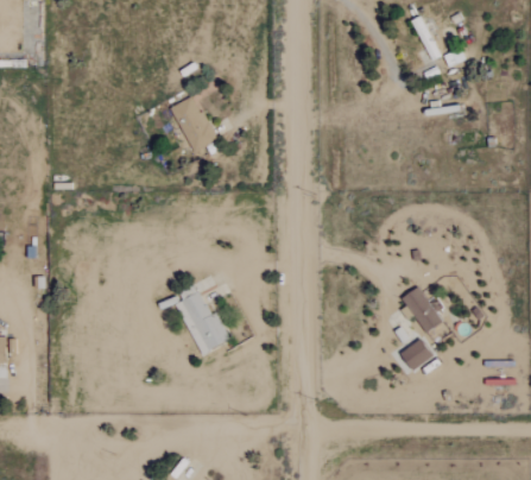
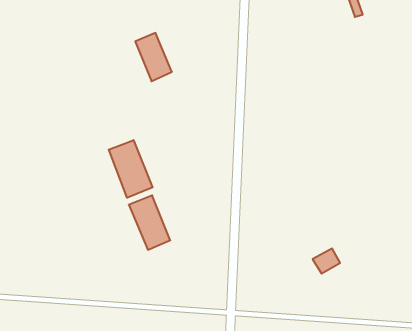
building: none -> [109,140,153,198]
building: [403,285,442,331] -> none

